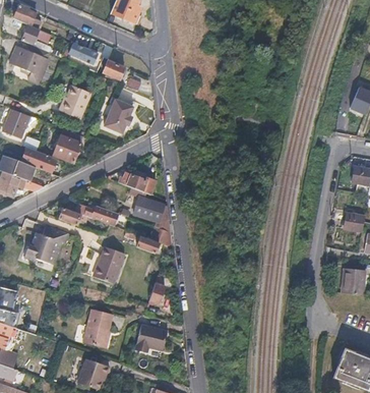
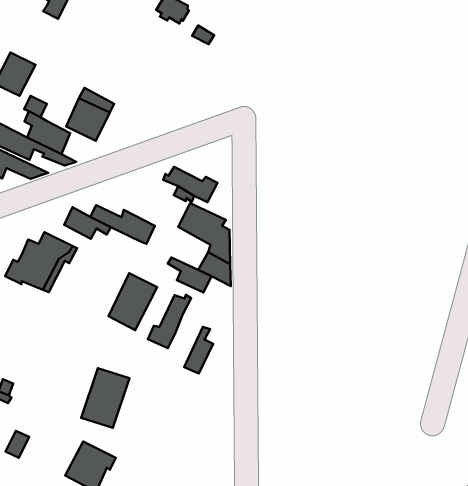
building: [60,86,92,119] -> none
building: [105,99,134,132] -> none
building: none -> [148,295,191,348]
building: [134,324,167,352] -> none

